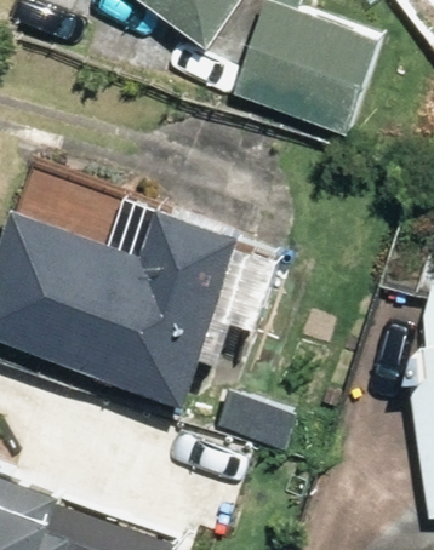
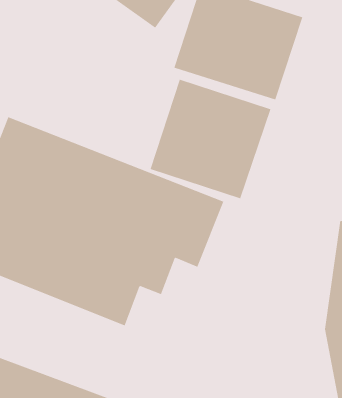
building: none -> [150,79,271,199]

